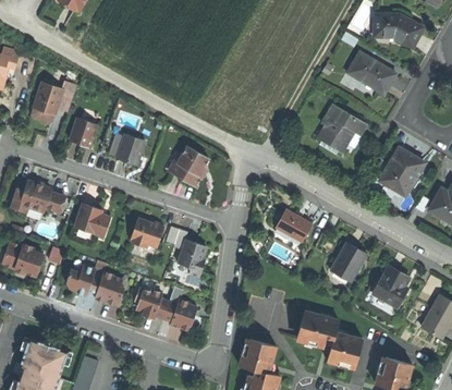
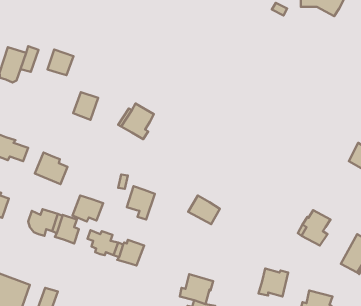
building: [347,50,398,95] -> none
building: [320,103,368,151] -> none
building: [69,115,98,145] -> [47,49,73,75]
building: [380,148,425,195] -> none
building: [274,209,310,242] -> [188,195,220,224]
building: [130,218,164,247] -> [73,195,103,221]
building: [329,243,365,282] -> none
building: [296,312,338,349] -> none

